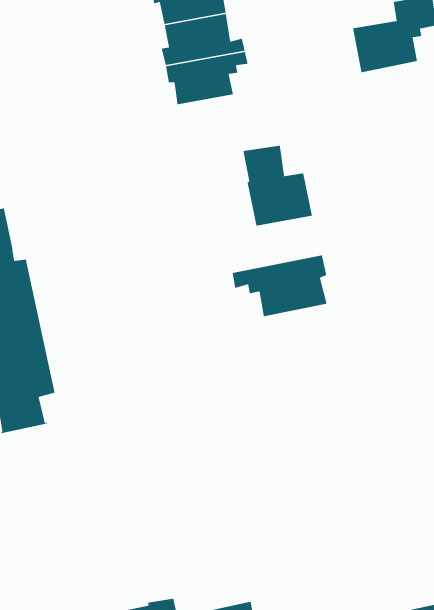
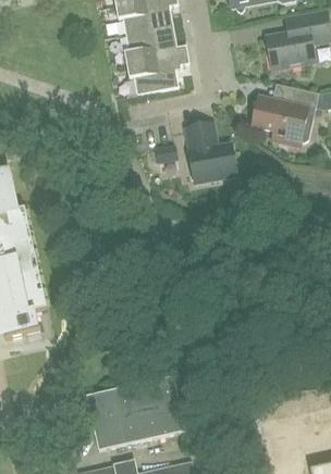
building: none -> [252,85,317,141]
building: [232,254,327,317] -> none
building: none -> [86,374,185,447]

